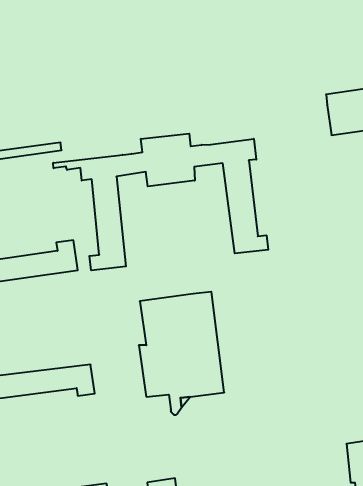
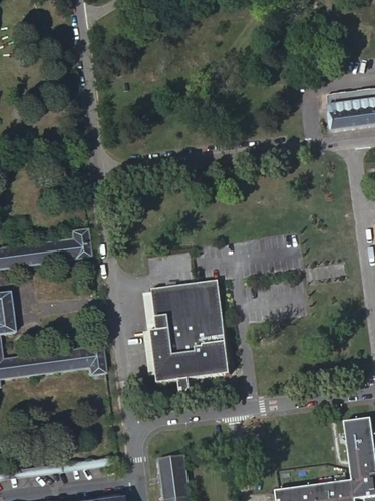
building: [53,134,268,270] -> none

